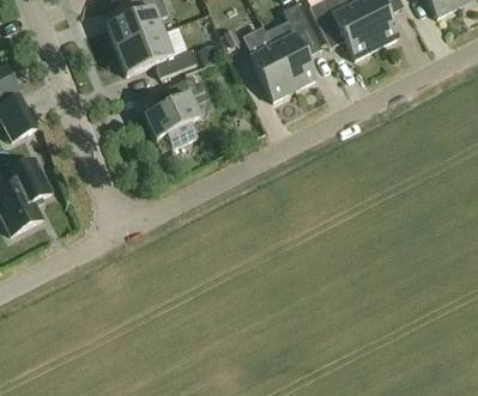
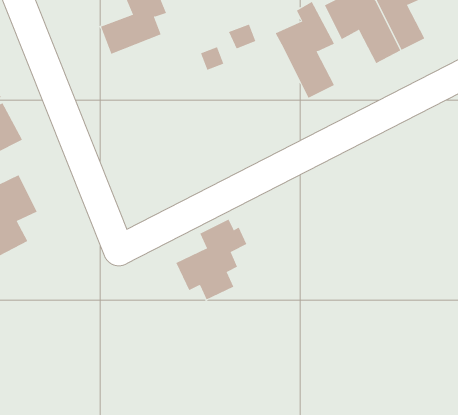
building: [116,32,196,77] -> none
building: [249,44,294,100] -> none
building: [144,75,208,148] -> [175,219,247,300]

